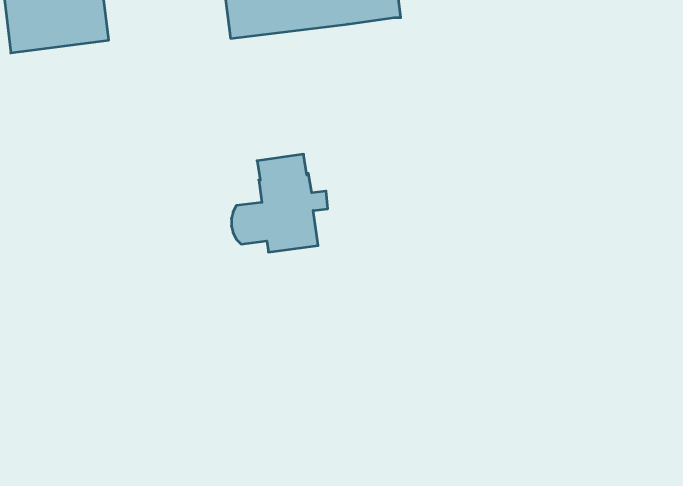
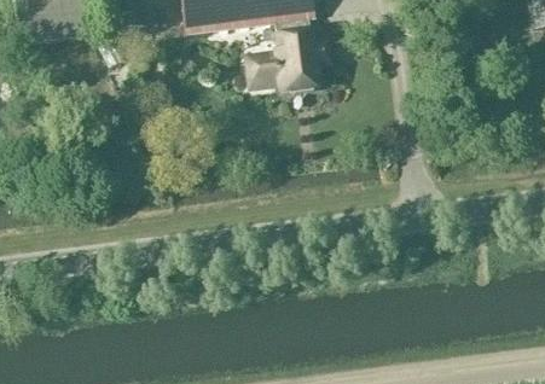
building: [231,154,328,252] -> [255,17,327,91]

